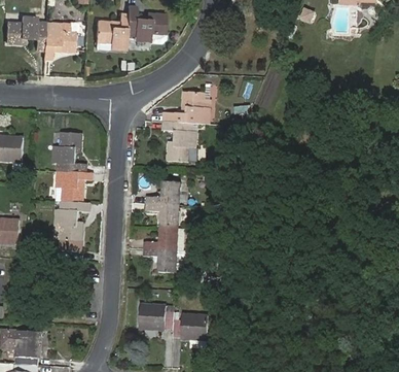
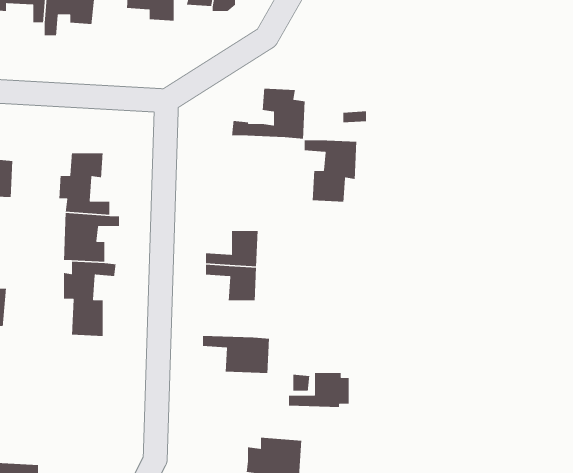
building: [162,122,196,162] -> [304,139,357,203]
building: [144,227,183,249] -> [288,372,350,408]
building: [139,304,174,330] -> none

